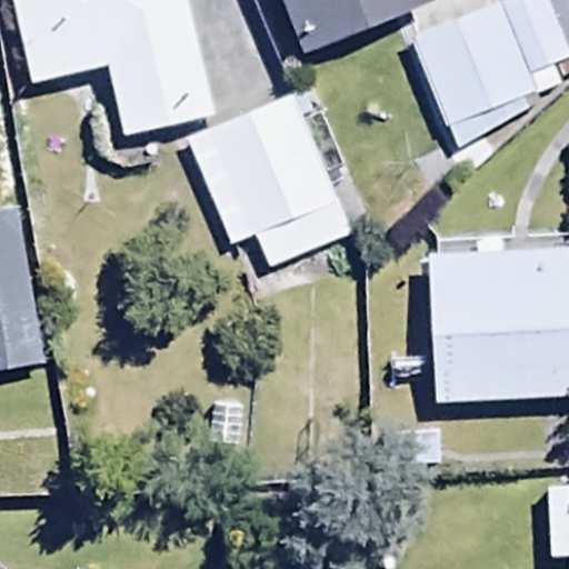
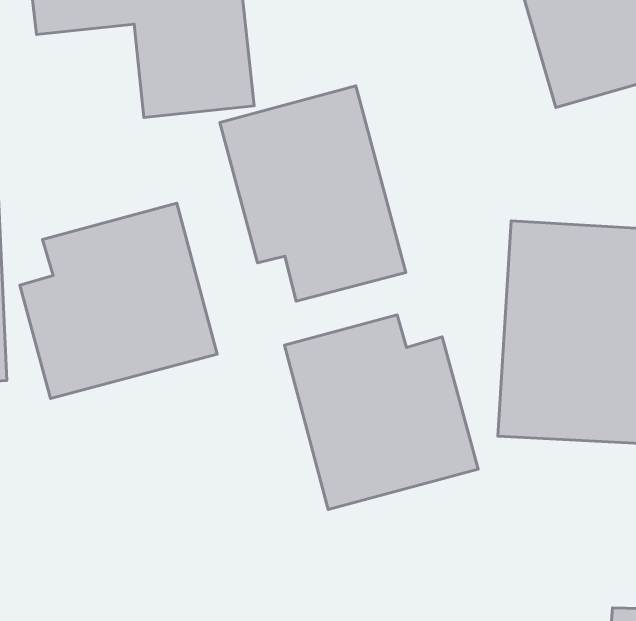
building: none -> [20,203,217,399]
building: none -> [284,315,478,509]

